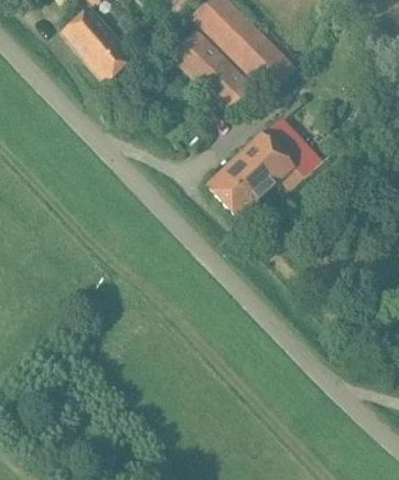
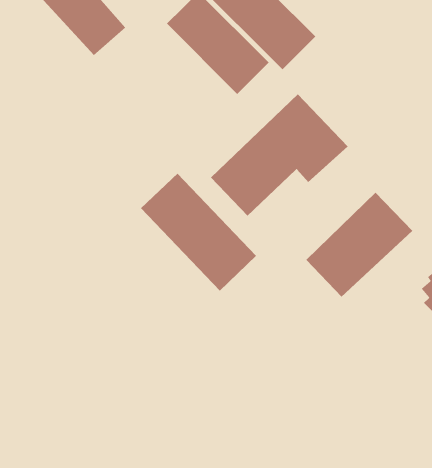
building: none -> [140,173,257,291]
building: none -> [305,192,413,297]

